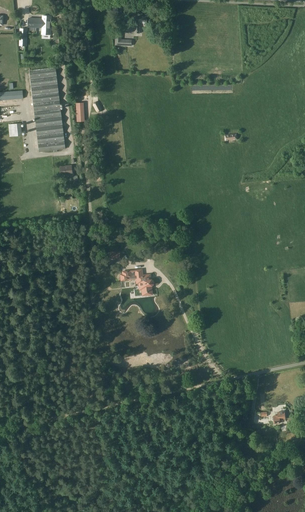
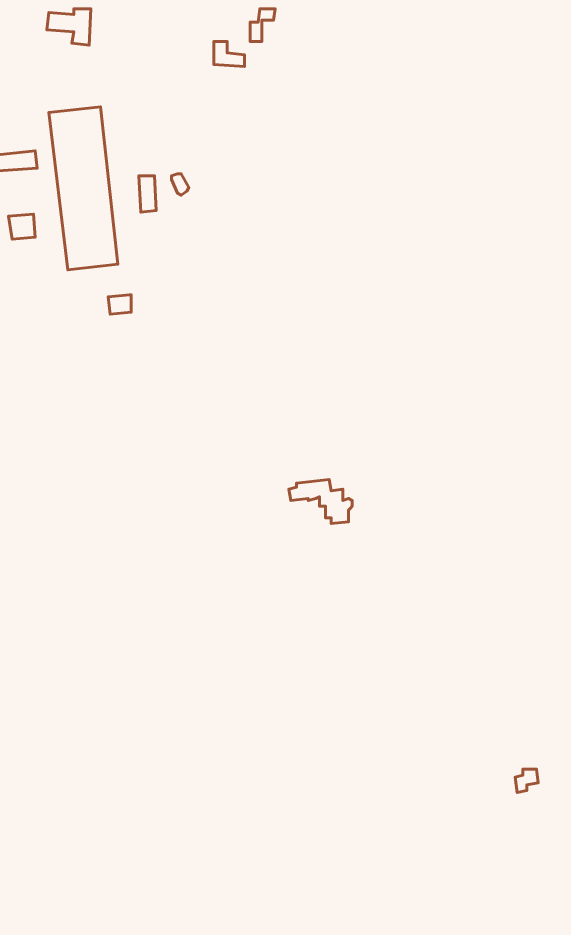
building: [120,270,153,293] -> [289,479,352,524]

